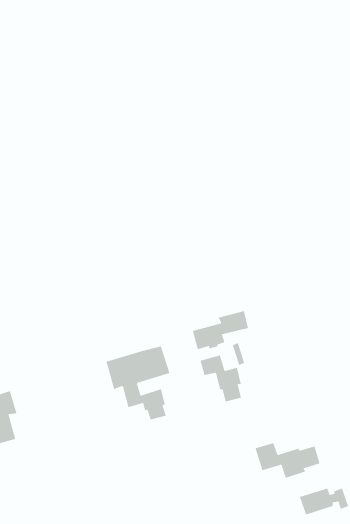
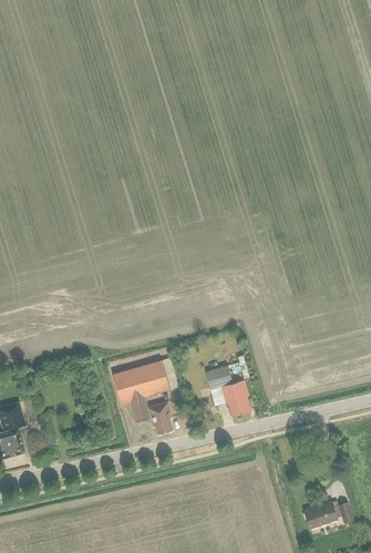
building: [192,310,249,350] -> none
building: [255,442,321,479] -> none

